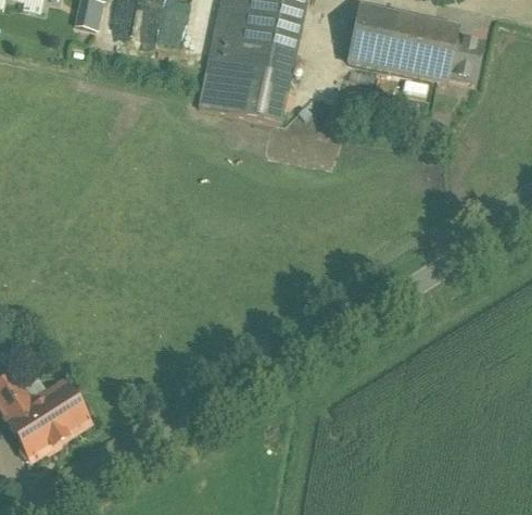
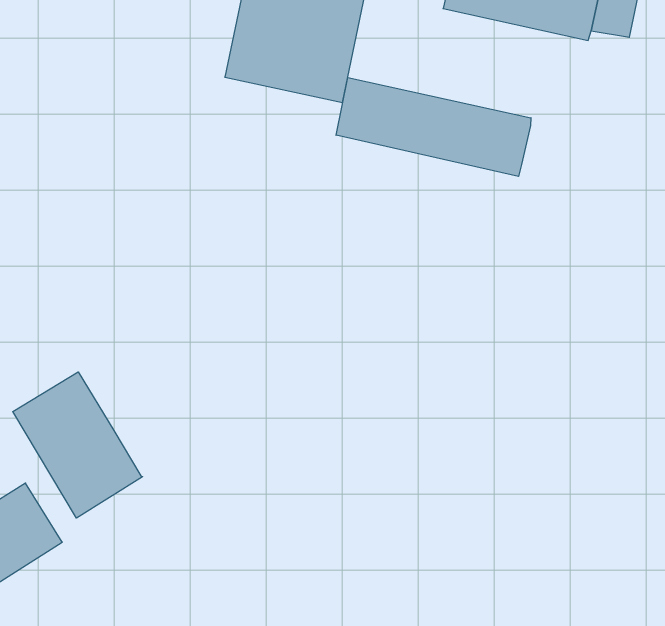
building: none -> [336,78,531,176]
building: none -> [13,372,143,518]

